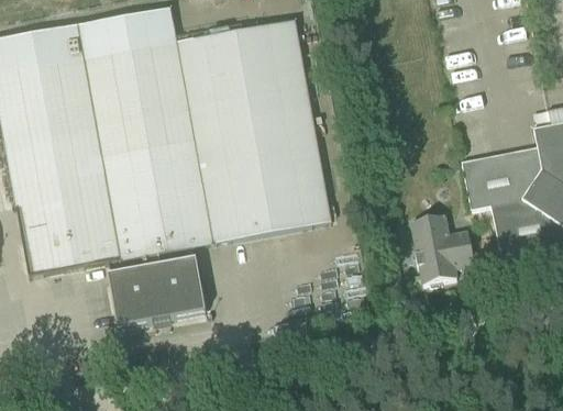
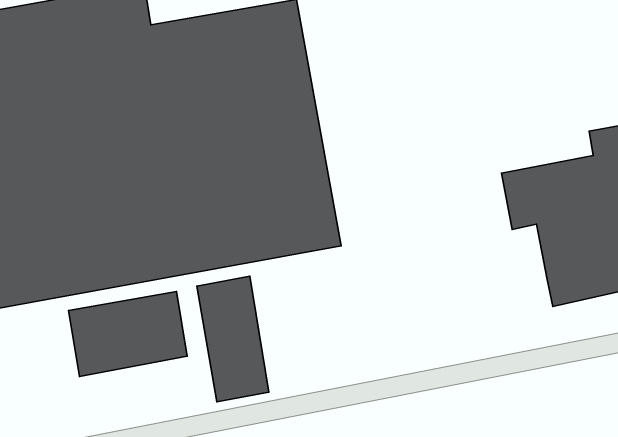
building: [410,215,474,281] -> none
building: none -> [197,276,269,402]

